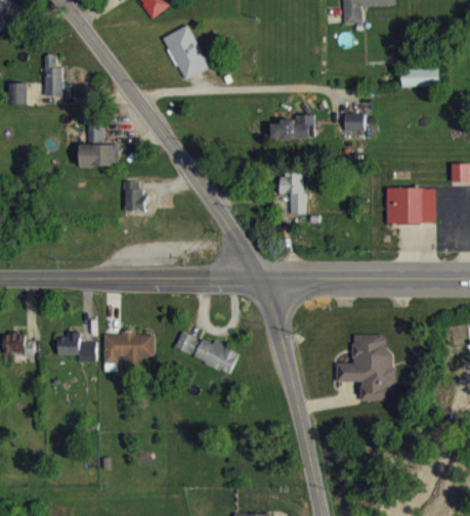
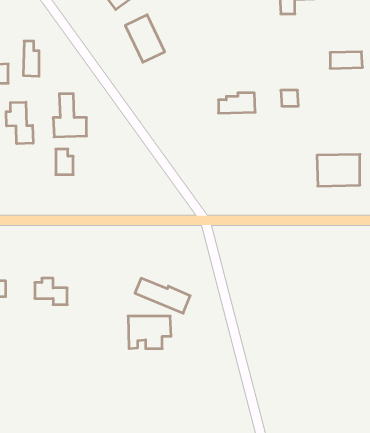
building: none -> [6,102,33,144]
building: [280,172,304,214] -> none
building: [124,182,144,212] -> [56,149,73,175]
building: [103,334,154,372] -> [128,316,171,349]
building: [336,335,393,400] -> none

